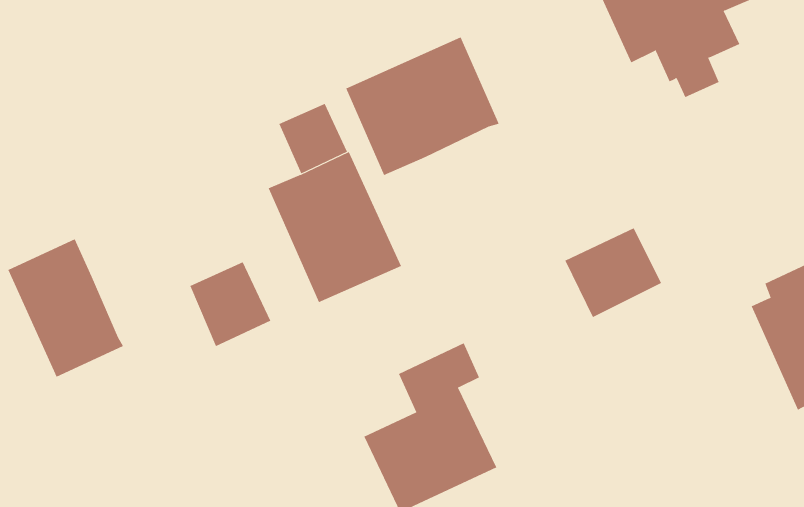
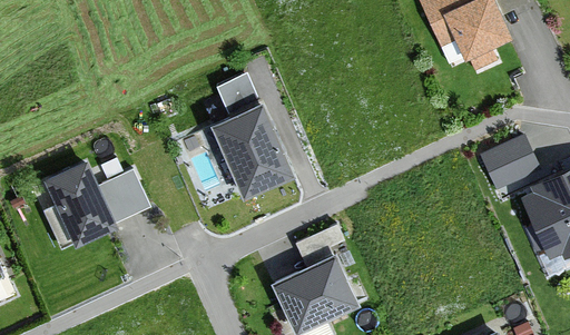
building: [345,37,499,176] -> none
building: [565,228,662,318] -> [480,131,542,189]
building: [190,262,271,347] -> [98,168,150,223]

